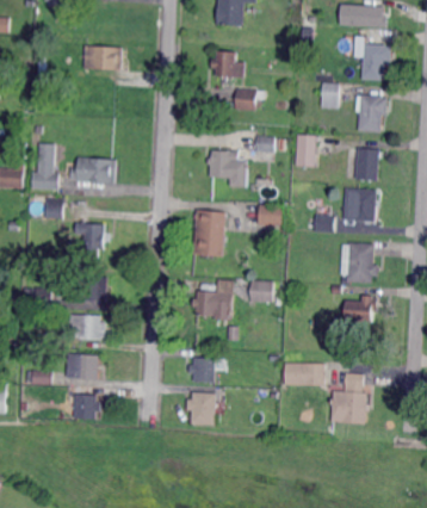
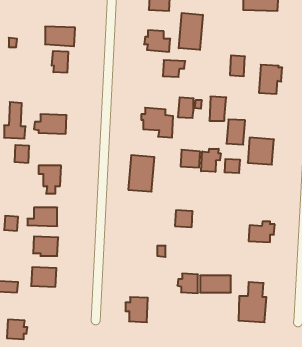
building: none -> [179,13,203,50]
building: [363,43,391,80] -> none
building: none -> [52,51,68,73]
building: [355,148,379,180] -> [226,119,245,145]
building: none -> [201,149,221,172]
building: [342,244,380,285] -> none
building: [192,279,235,323] -> none
building: [188,357,215,382] -> [177,274,198,293]
building: [73,395,99,420] -> [7,320,27,339]

